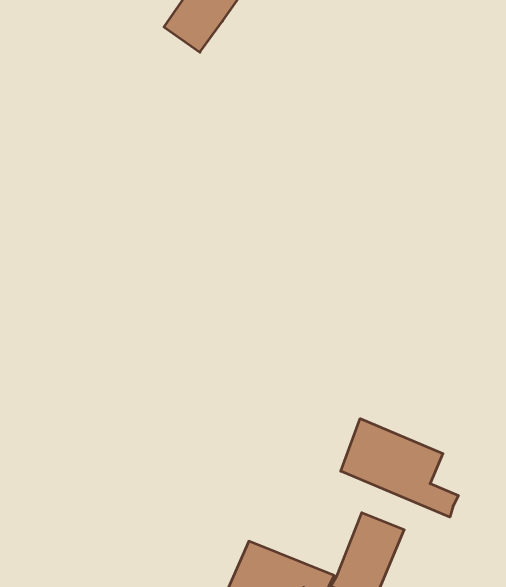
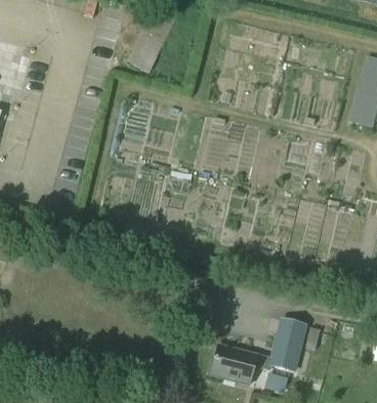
building: [341,419,458,517] -> none

